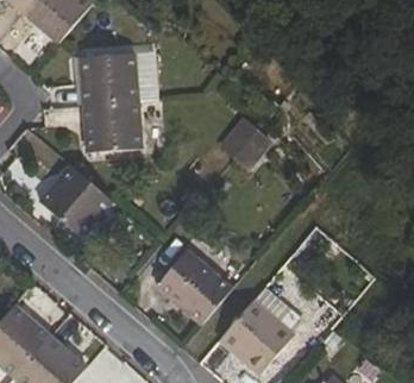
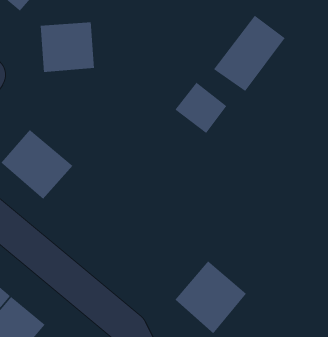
building: none -> [213,15,286,92]
building: [83,100,142,151] -> none
building: [156,249,232,325] -> none

